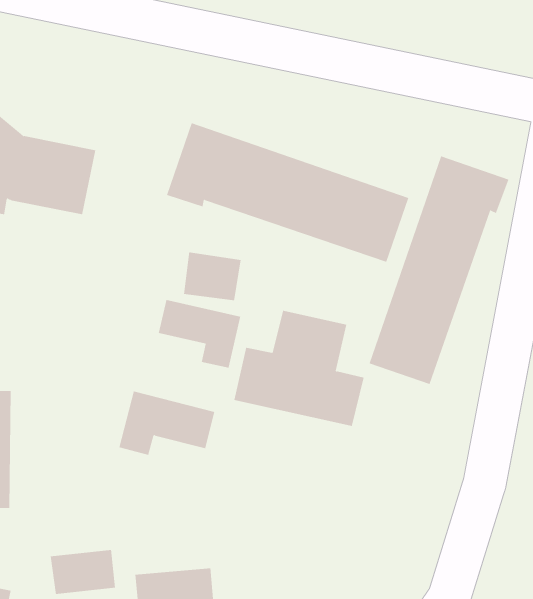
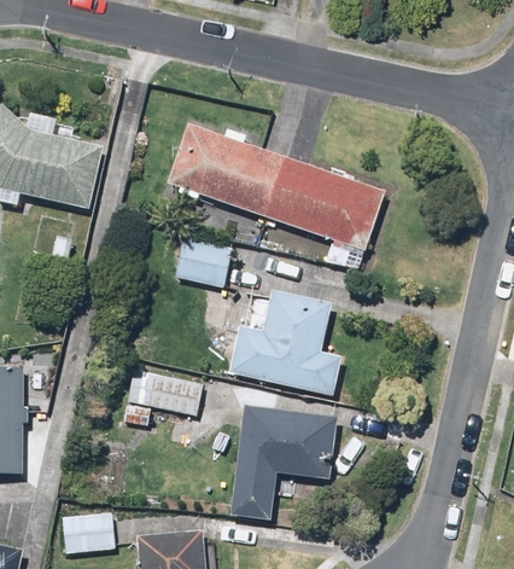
building: [369,155,509,385] -> none
building: [158,299,241,369] -> none
building: none -> [232,406,337,519]

